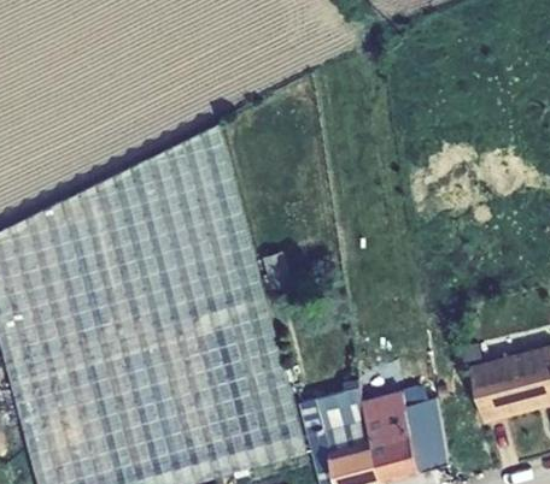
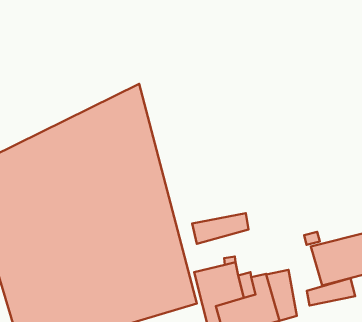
building: none -> [192,213,248,244]
building: none -> [307,278,355,305]

